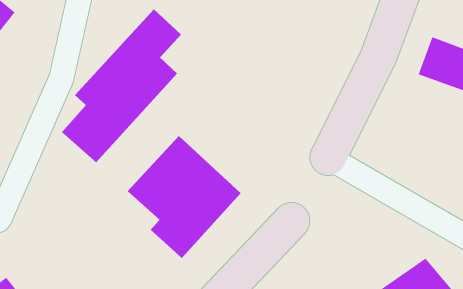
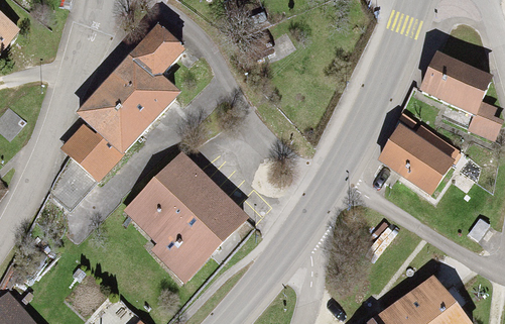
building: none -> [379,126,455,192]

